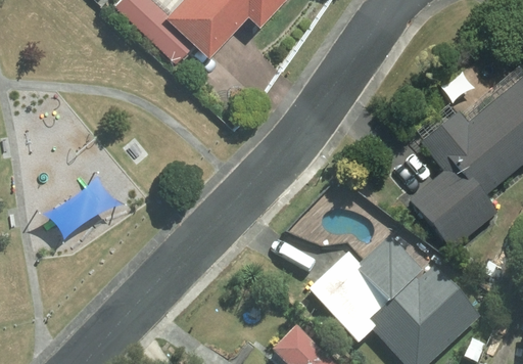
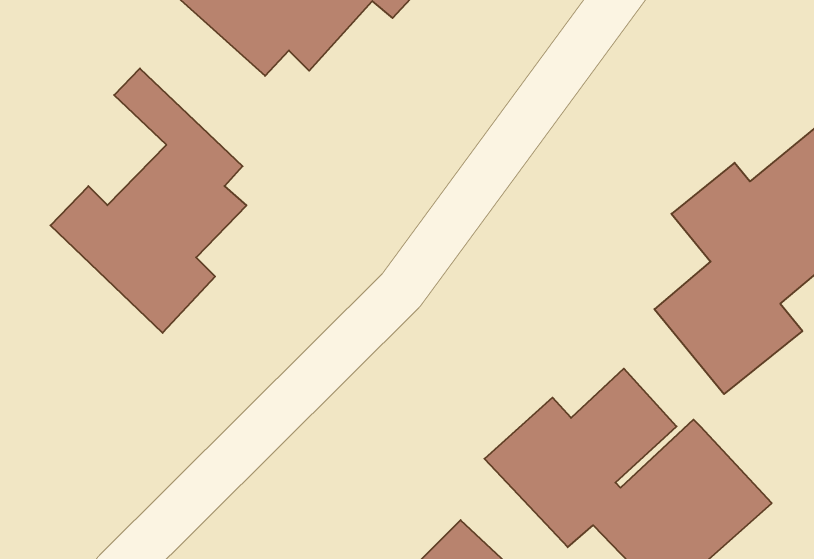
building: none -> [50,68,246,333]

